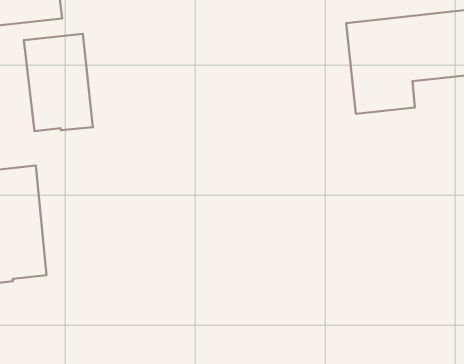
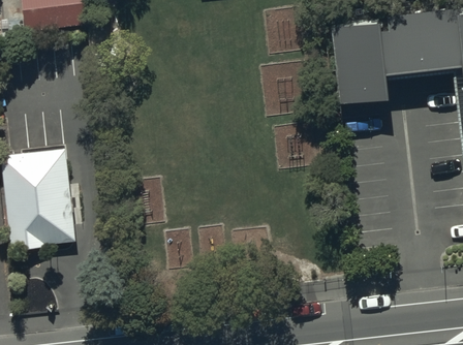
building: [24,34,93,131] -> none

